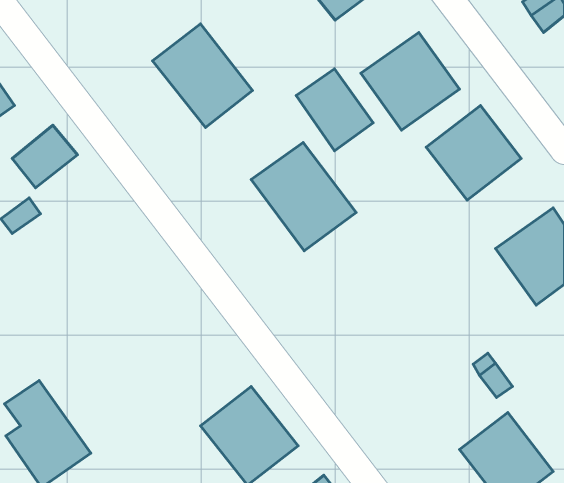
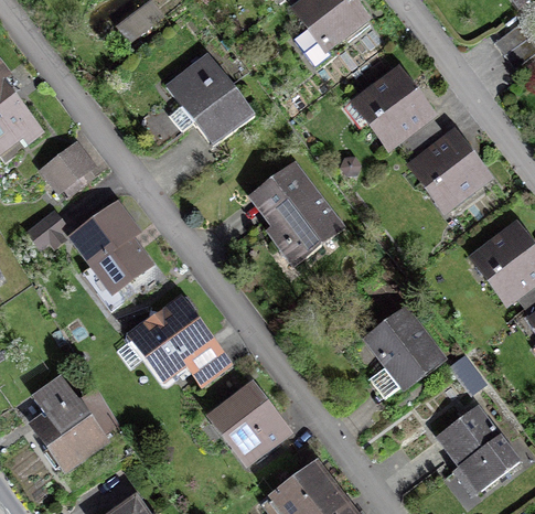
building: [296,69,373,151] -> none
building: none -> [68,199,153,295]
building: none -> [128,296,233,387]
building: none -> [366,304,446,386]

